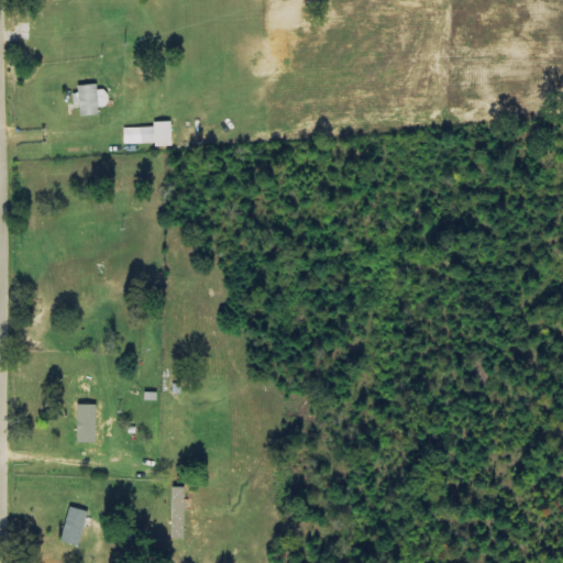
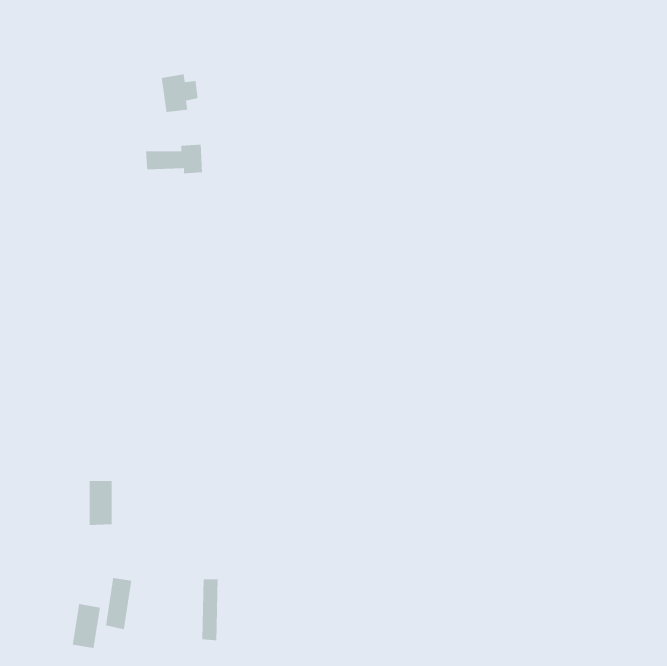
building: [76,82,108,115] -> [161,74,199,113]
building: none -> [105,577,132,630]

